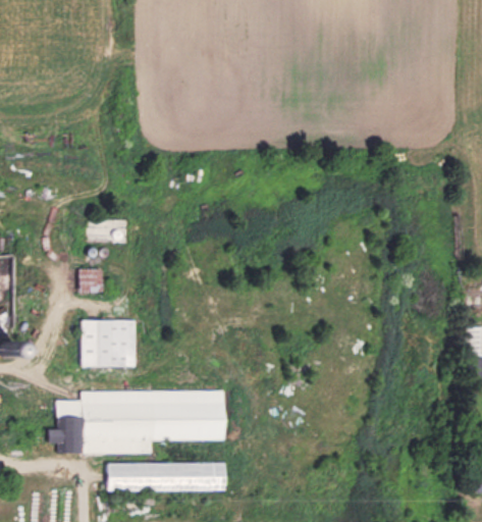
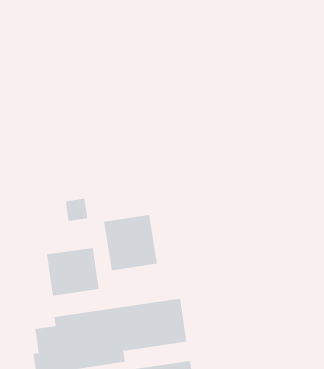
building: [78,269,102,293] -> [65,198,88,222]
building: none -> [104,214,157,271]

